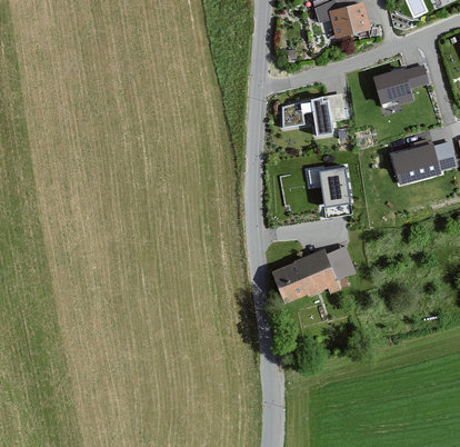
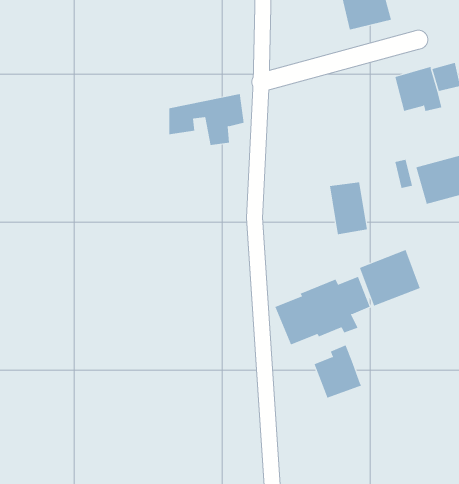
building: [282,93,346,137] -> [169,94,244,145]
building: none -> [359,249,420,307]
building: none -> [314,345,362,398]

